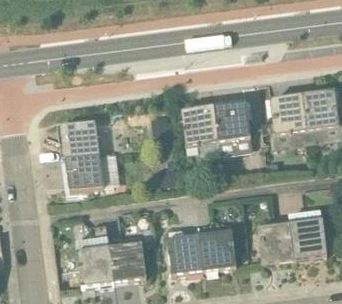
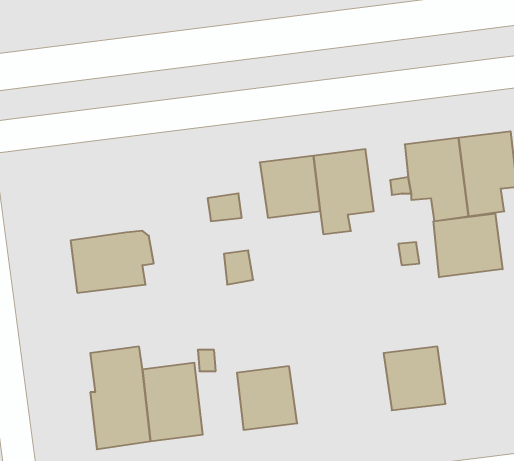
building: [61,122,99,159] -> none
building: none -> [434,214,503,277]
building: [290,220,327,259] -> none
building: [199,231,236,271] -> none

